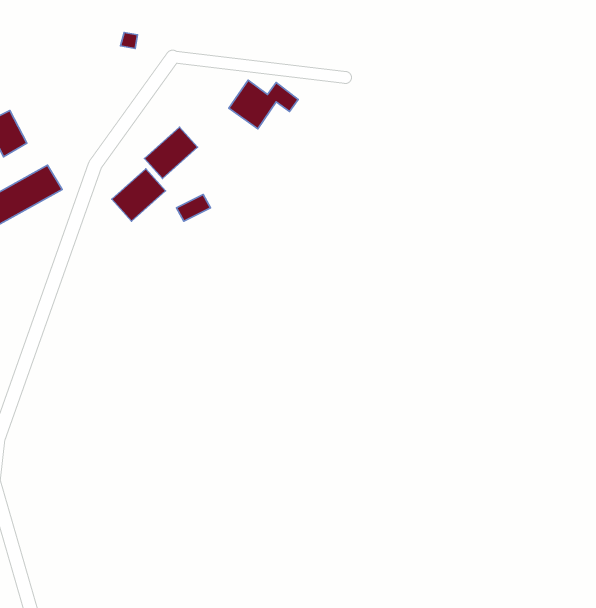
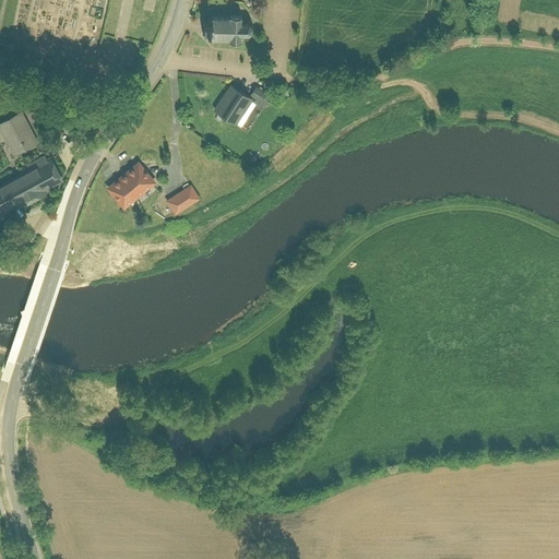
building: none -> [202,17,252,41]
building: [144,127,198,179] -> none

